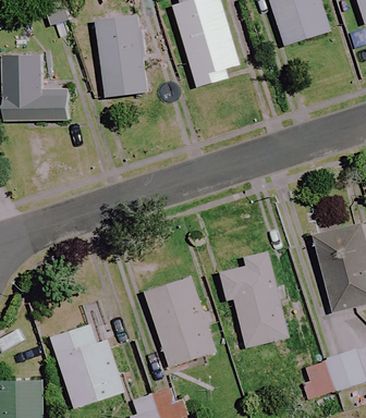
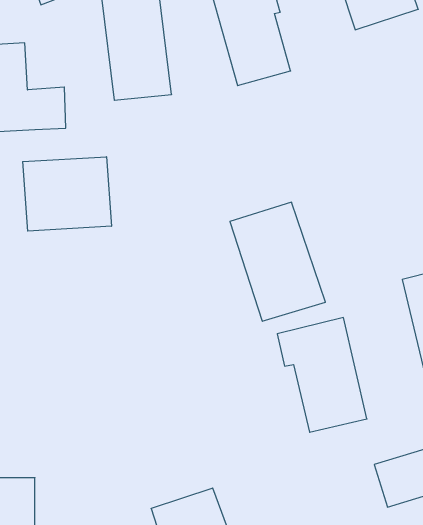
building: none -> [23,157,111,231]
building: [147,274,218,362] -> [230,202,325,321]
building: [54,320,126,404] -> none

